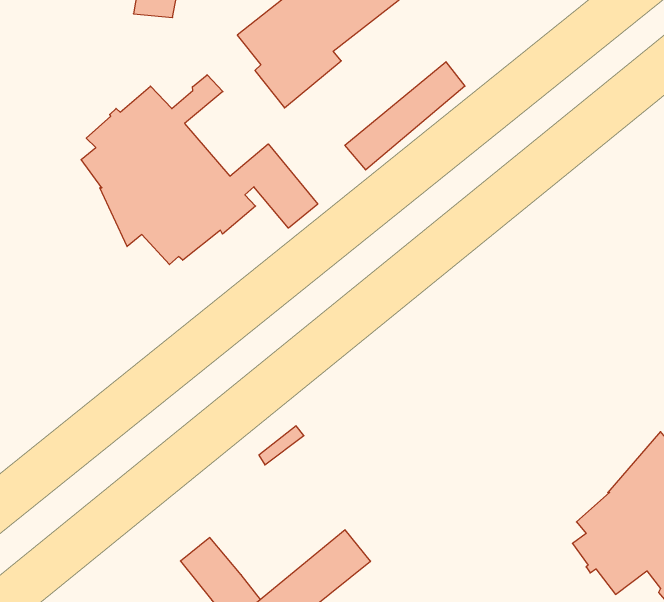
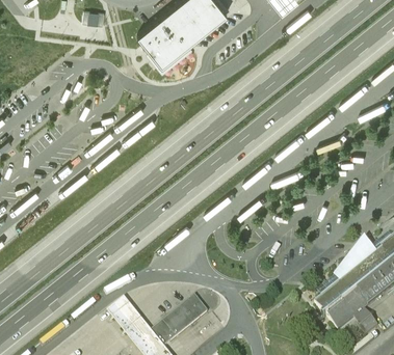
building: [345,62,465,170] -> none
building: [81,75,318,265] -> none

